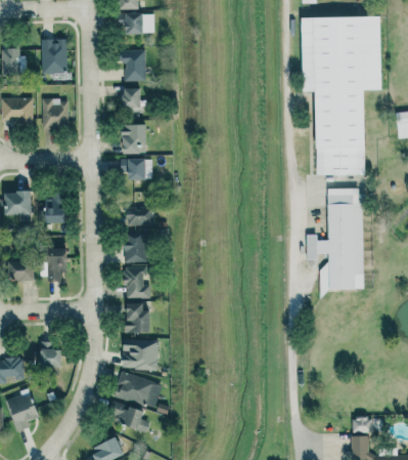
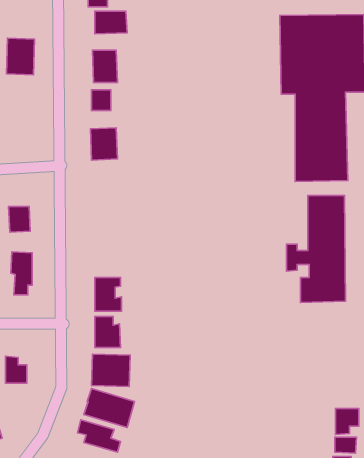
building: [42,98,69,129] -> none
building: [121,159,153,262] -> none
building: none -> [335,409,359,434]

